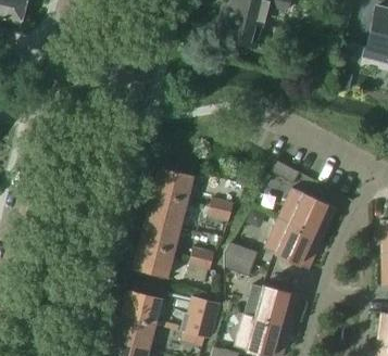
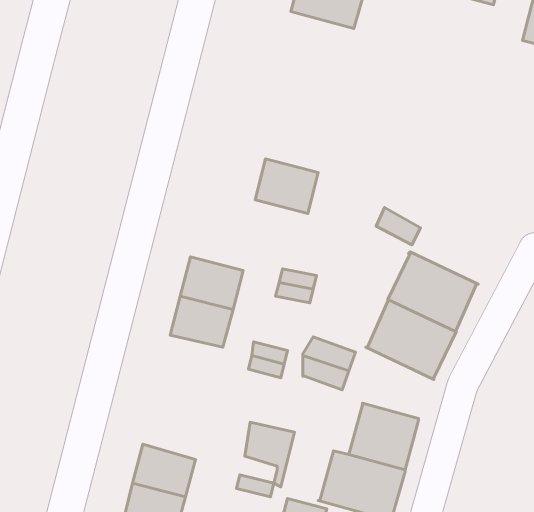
building: [153,165,193,200] -> [255,159,318,213]
building: [134,241,174,275] -> none
building: [123,288,163,320] -> none

